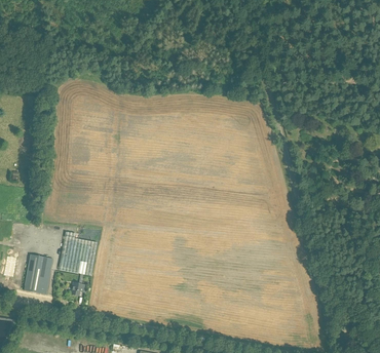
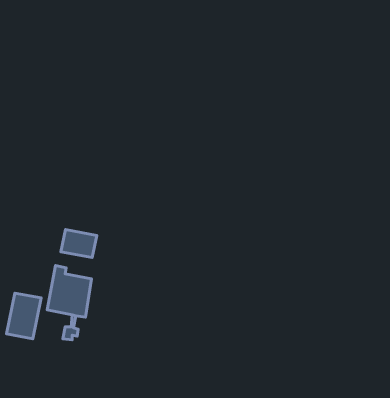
building: none -> [61,230,97,258]

